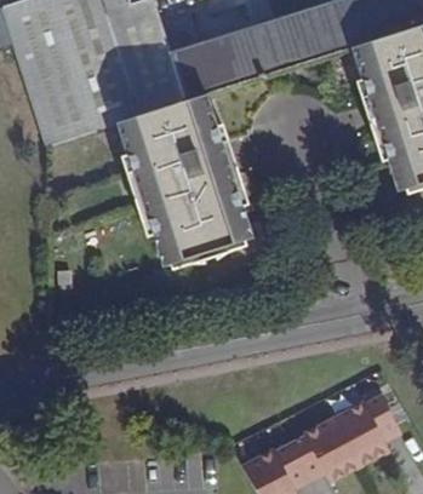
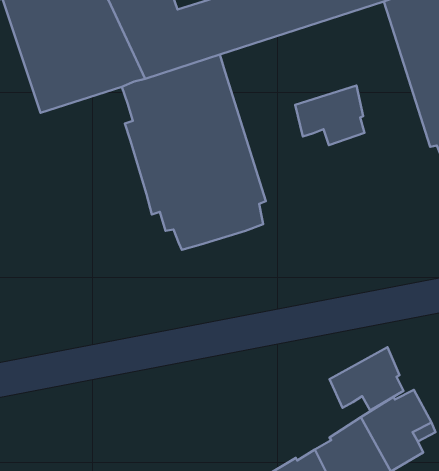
building: none -> [295,85,364,145]
building: none -> [330,347,404,410]

